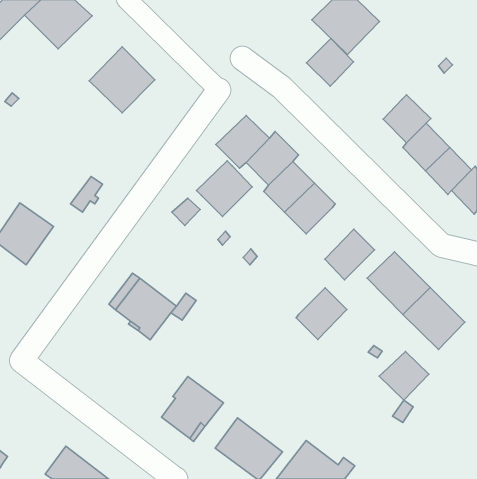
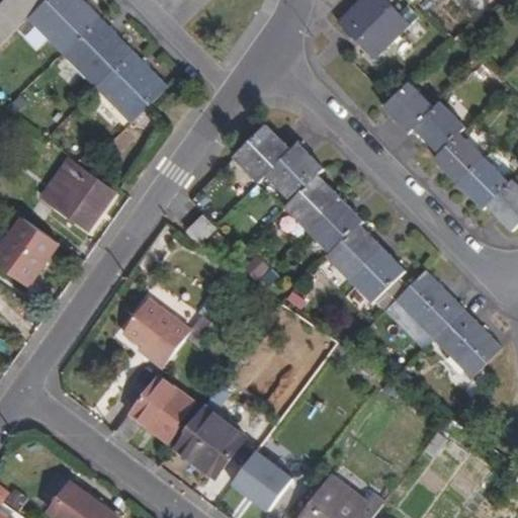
building: none -> [63,17,132,87]
building: [307,38,353,86] -> [382,82,433,134]
building: none -> [54,168,114,220]
building: [196,161,252,217] -> none
building: [296,288,347,340] -> [327,224,381,279]
building: none -> [113,373,193,441]
building: [379,351,429,400] -> none

